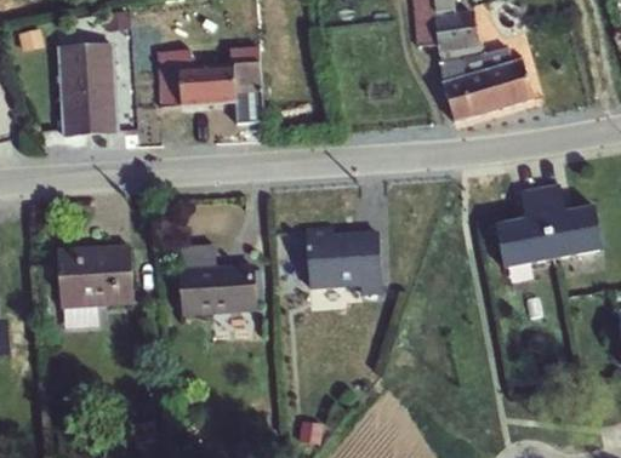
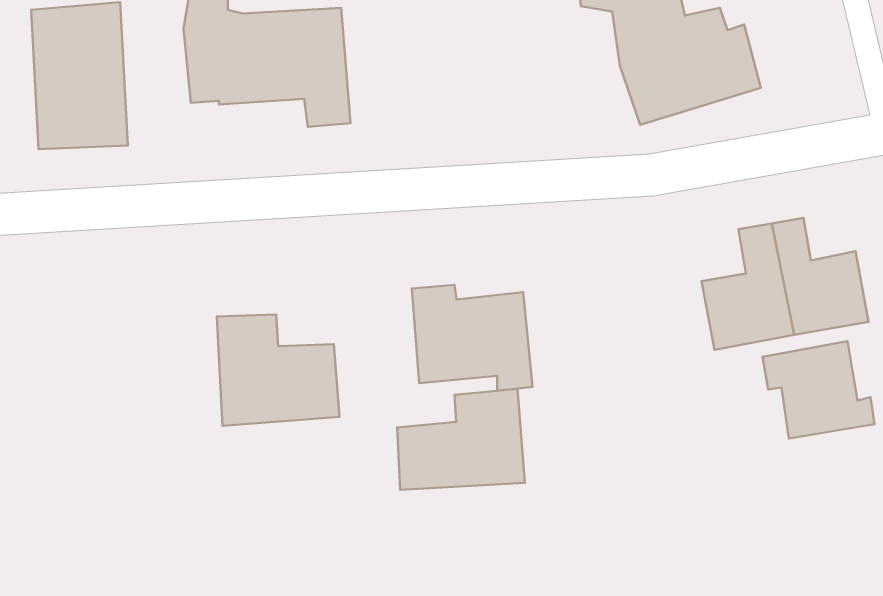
building: [57,242,135,308] -> none
building: none -> [762,341,875,439]
building: none -> [397,389,525,490]

